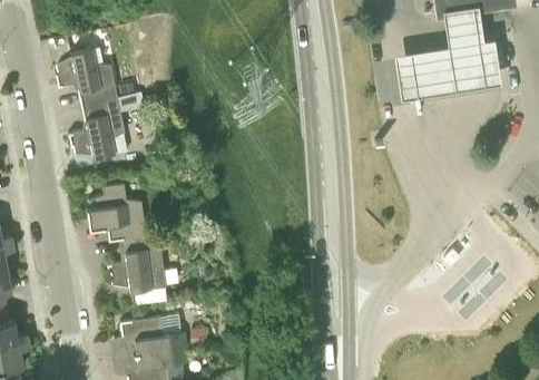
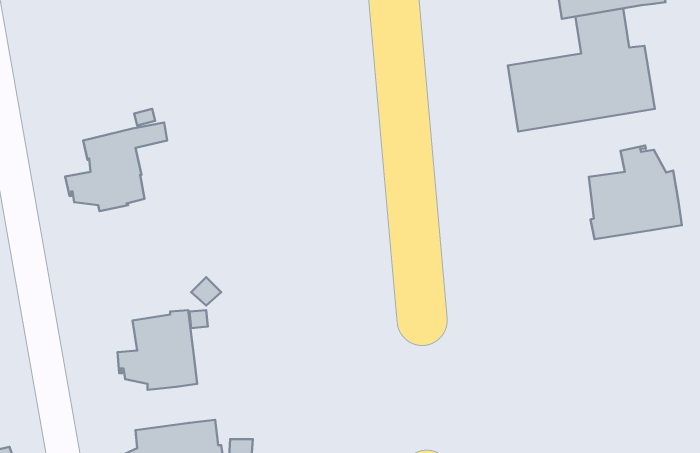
building: [53,49,117,107] -> none
building: none -> [589,146,682,239]
building: [85,184,145,242] -> none

